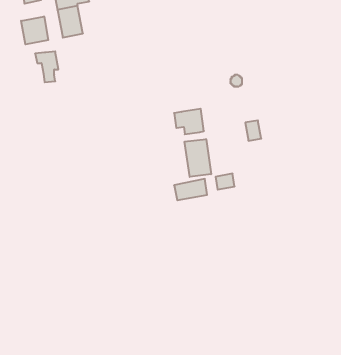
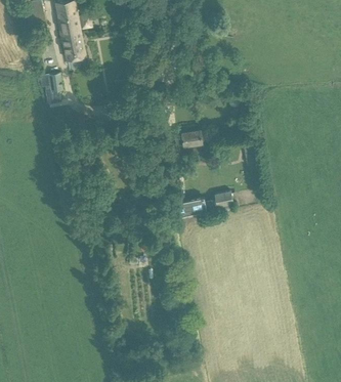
building: [21,16,48,44] -> none
building: [185,139,211,177] -> none

